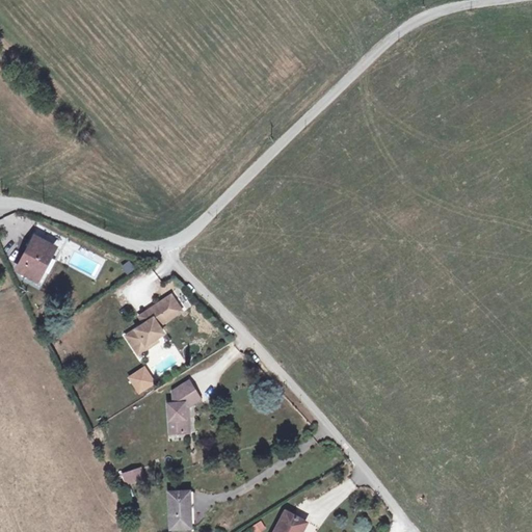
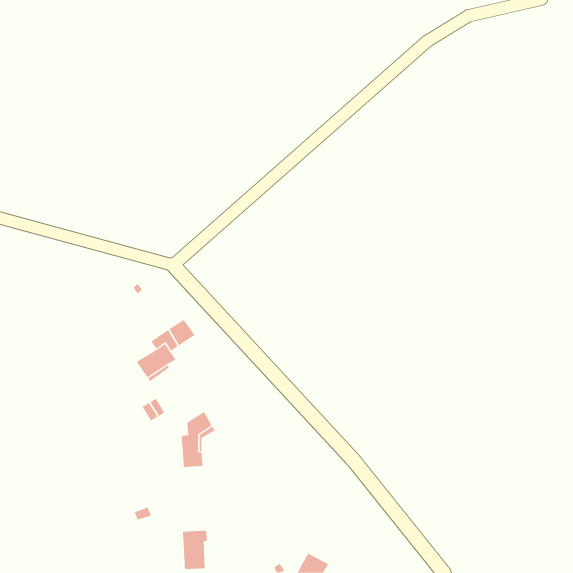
building: [19,237,52,277] -> none

